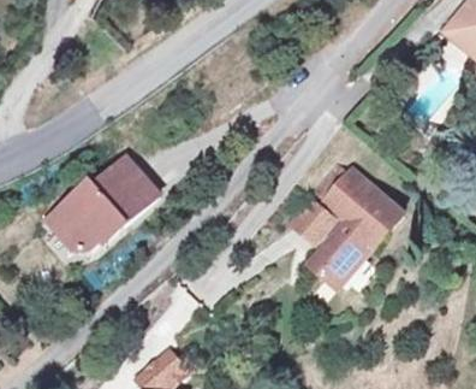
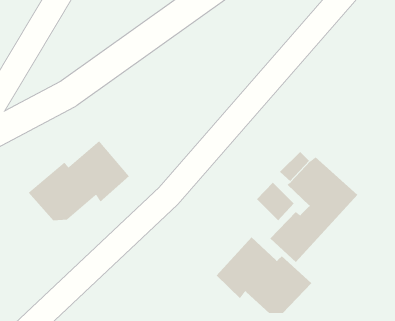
building: none -> [216,237,312,314]

